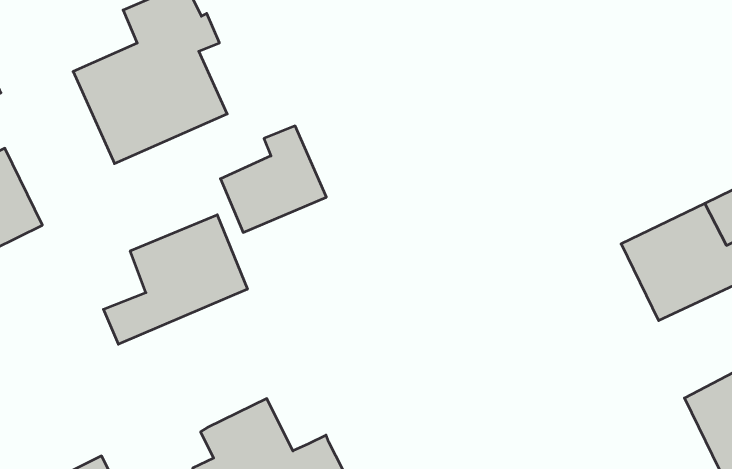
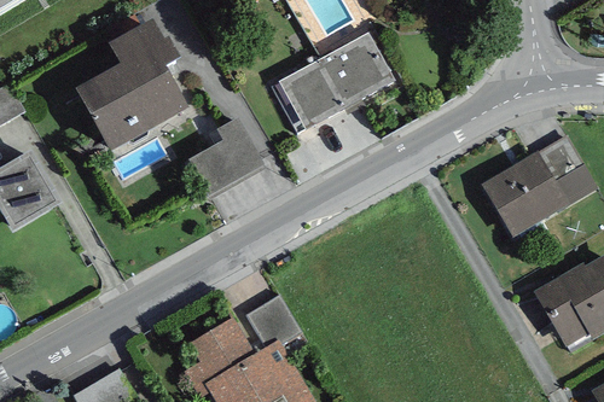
building: none -> [271,31,397,132]
building: [103,215,247,344] -> none
building: none -> [245,293,301,345]

